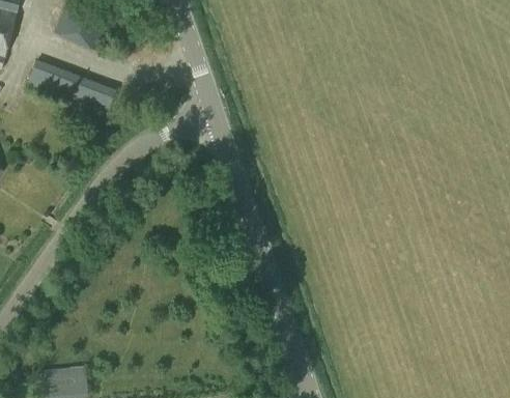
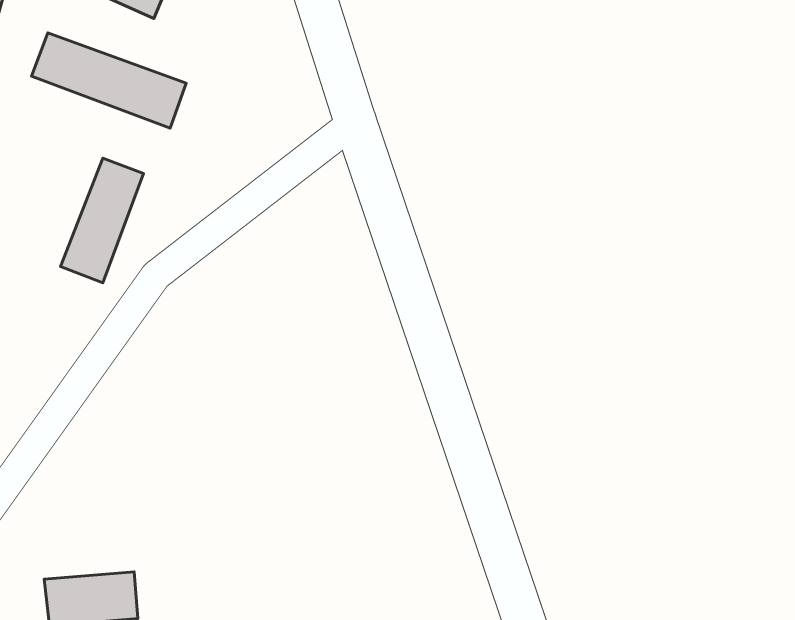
building: none -> [61,158,143,283]

